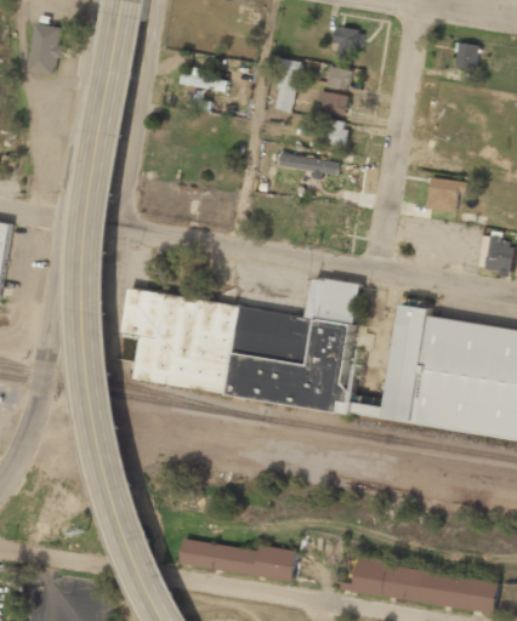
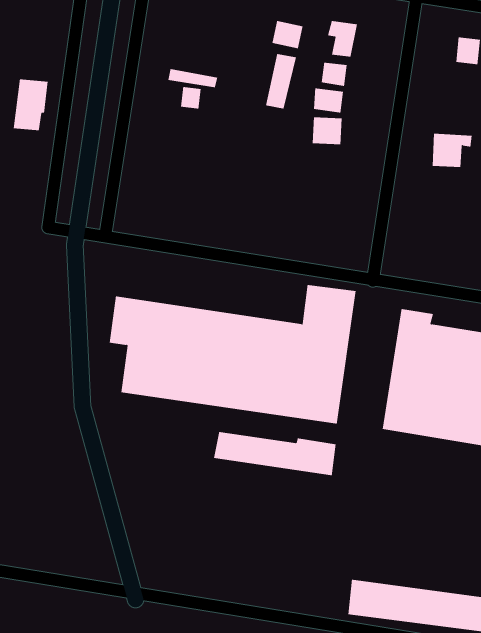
building: [28,24,62,74] -> [13,79,48,131]
building: none -> [272,20,303,49]
building: [278,155,337,180] -> none
building: [427,178,466,211] -> [432,133,473,167]
building: [178,539,296,581] -> [213,431,336,476]

